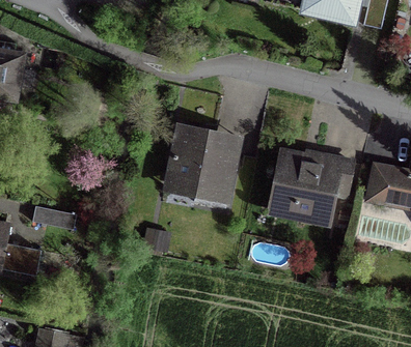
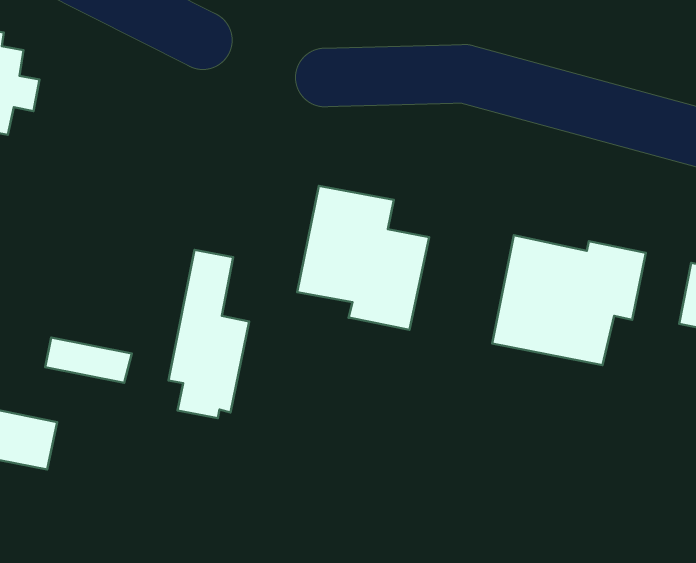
building: none -> [169,250,249,418]

